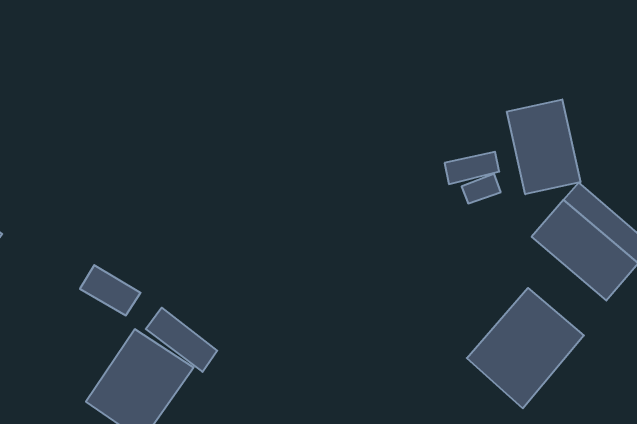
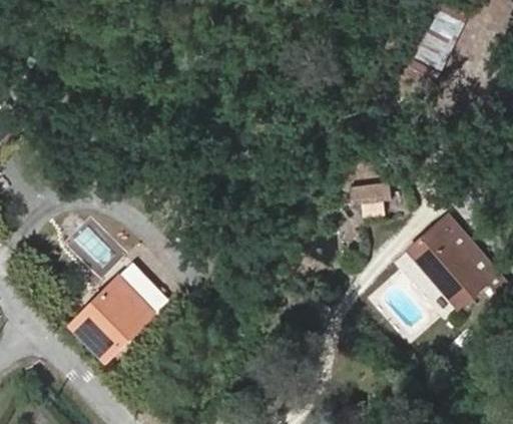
building: [507,99,581,194] -> none
building: [467,288,584,408] -> none

